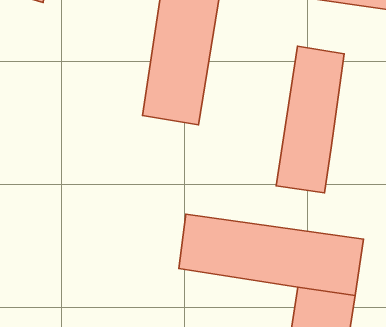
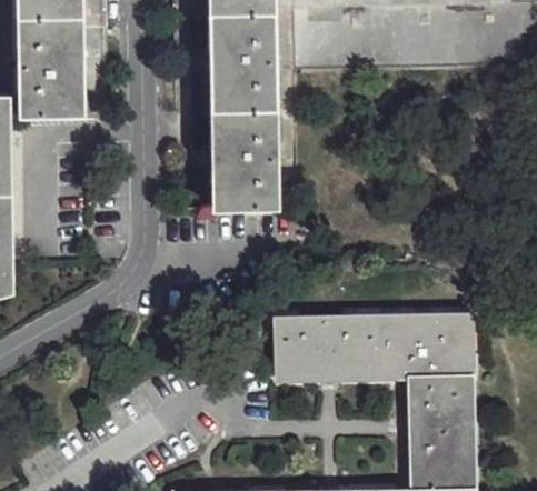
building: [276,46,344,193] -> none

